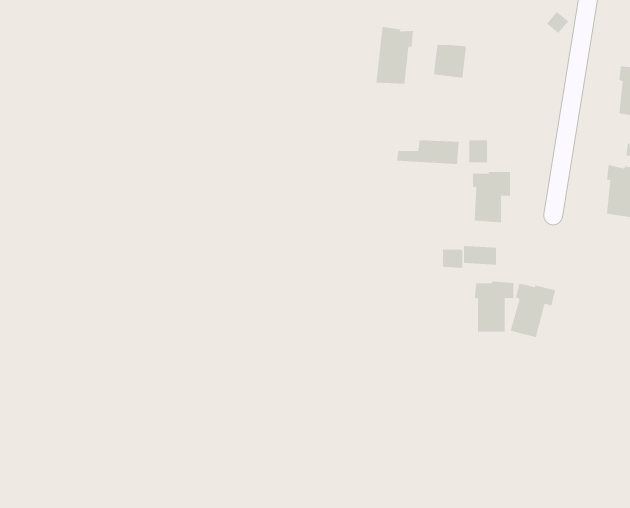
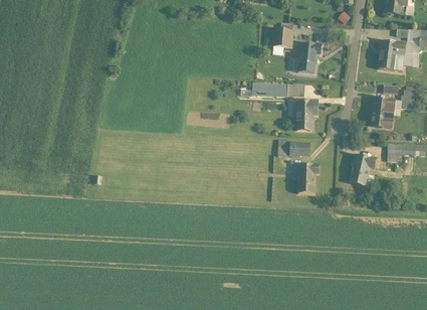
building: [376,26,414,85] -> none
building: none -> [298,42,322,72]
building: [510,283,556,338] -> [350,154,376,185]

